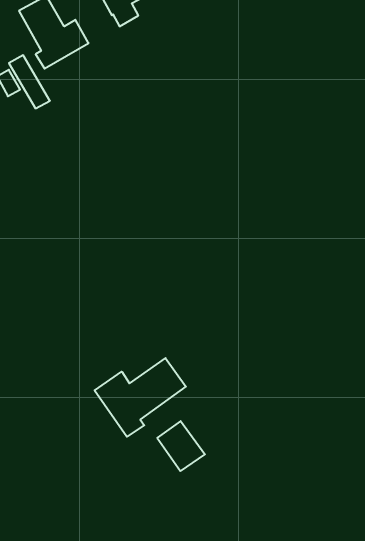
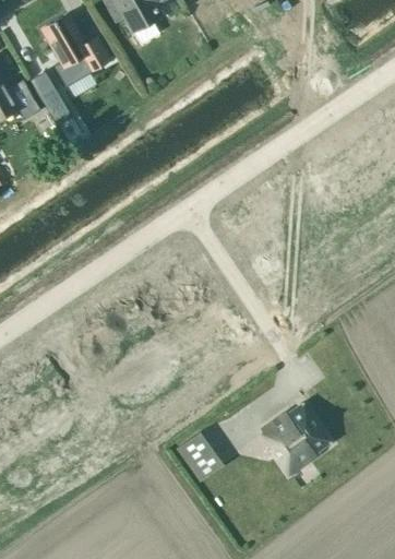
building: [95,358,186,437] -> none
building: none -> [263,403,330,473]

